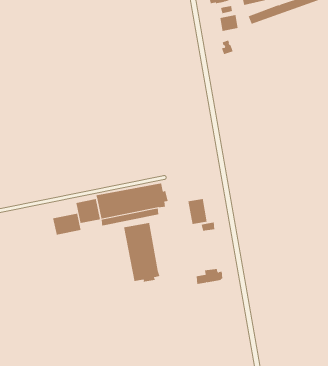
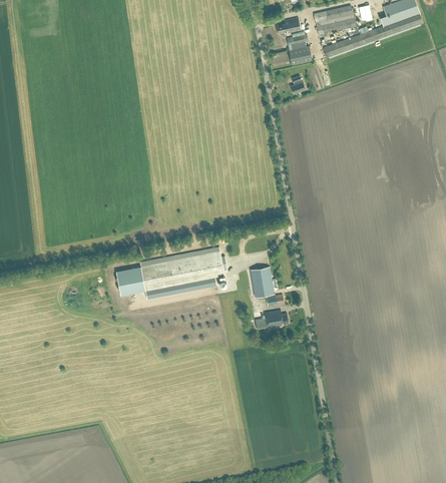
building: [53,213,81,235] -> none
building: [123,222,160,283] -> none
building: [196,269,223,284] -> [255,310,288,329]

